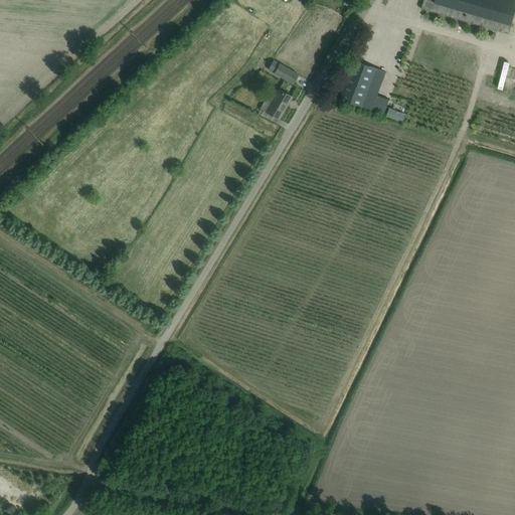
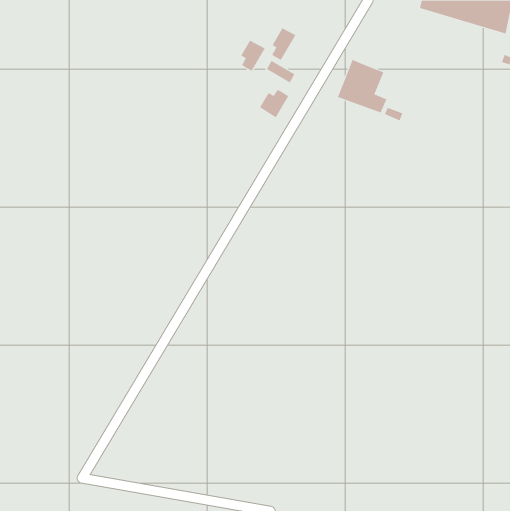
building: none -> [272,28,296,61]
building: none -> [241,40,266,72]

